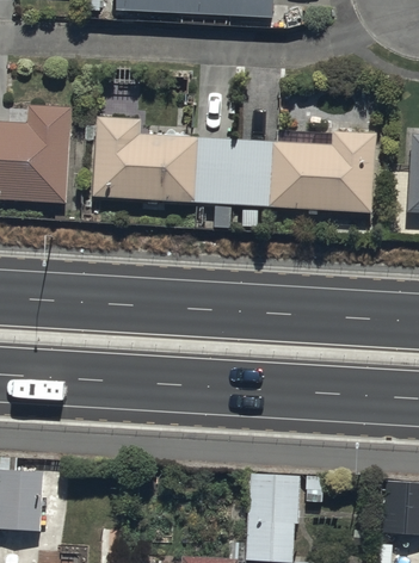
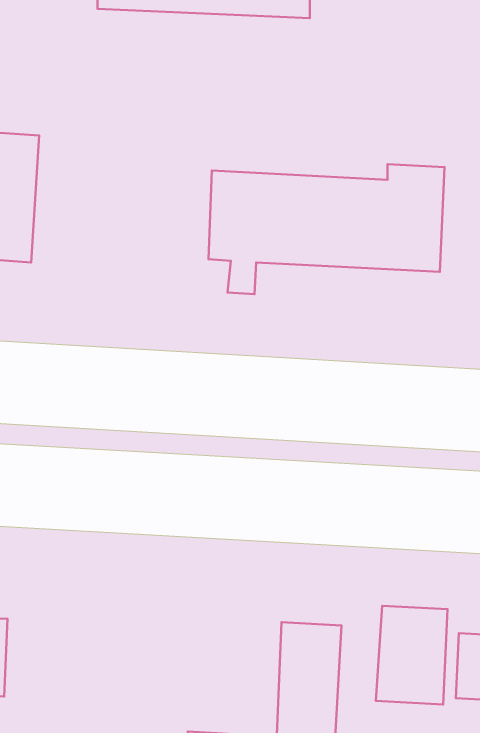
building: [92,116,198,202] -> none
building: none -> [376,606,448,704]

